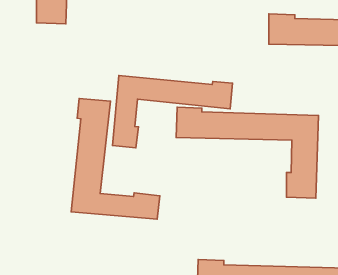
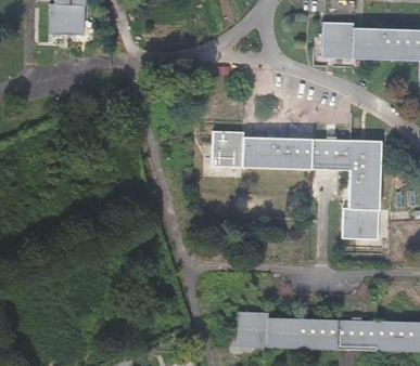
building: [112,76,233,148] -> none
building: [71,98,160,219] -> none

